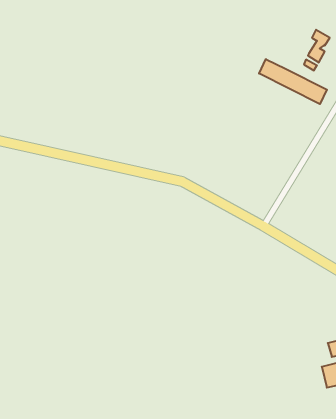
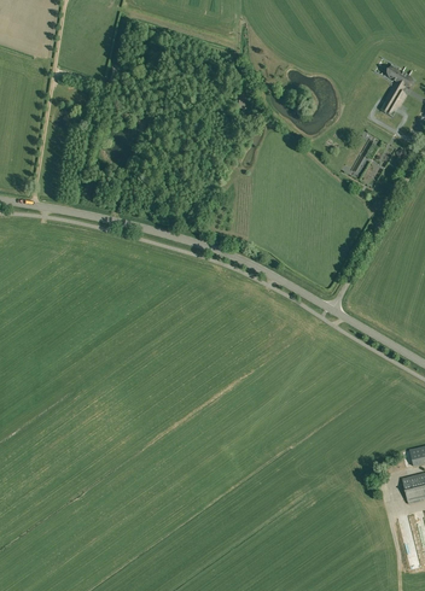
building: [259,59,327,104] -> none

